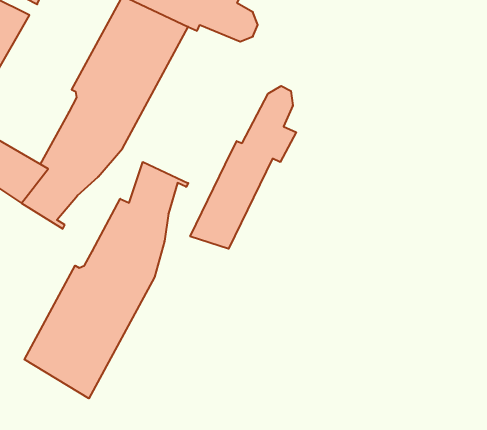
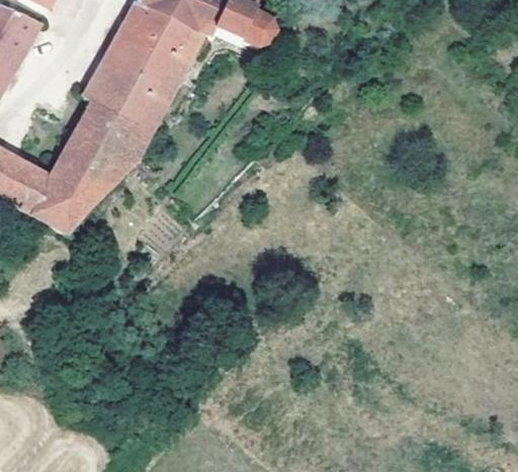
building: [190,86,296,249] -> none
building: [24,162,188,398] -> none

